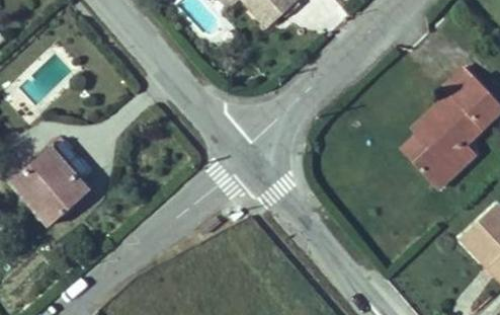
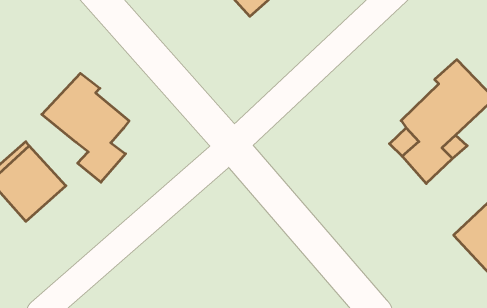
building: none -> [42,73,129,182]

